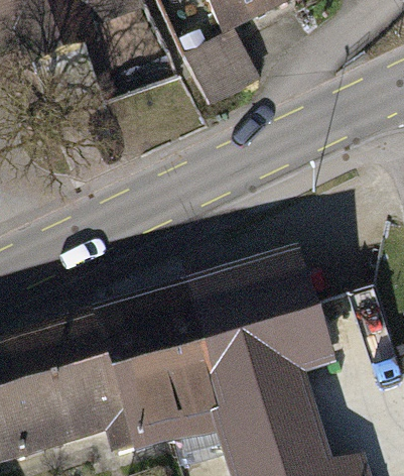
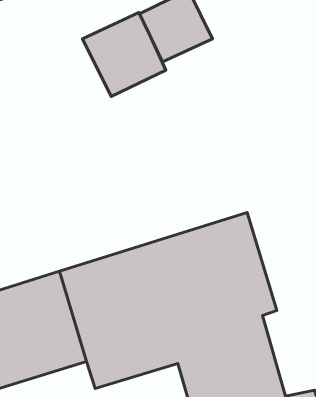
building: none -> [82,12,166,97]

